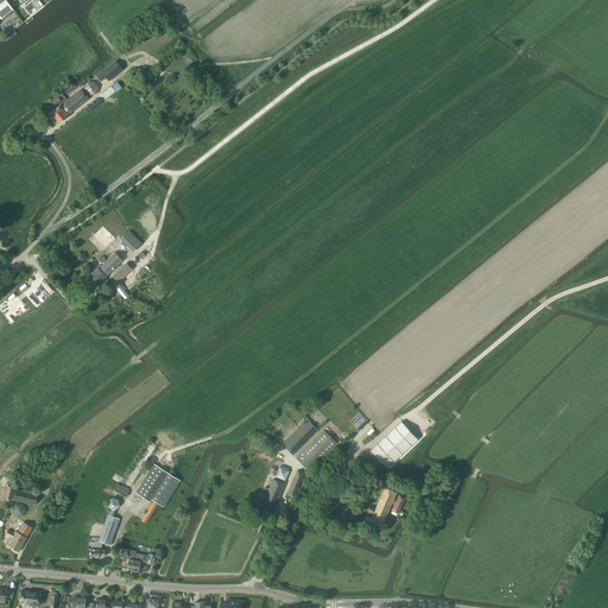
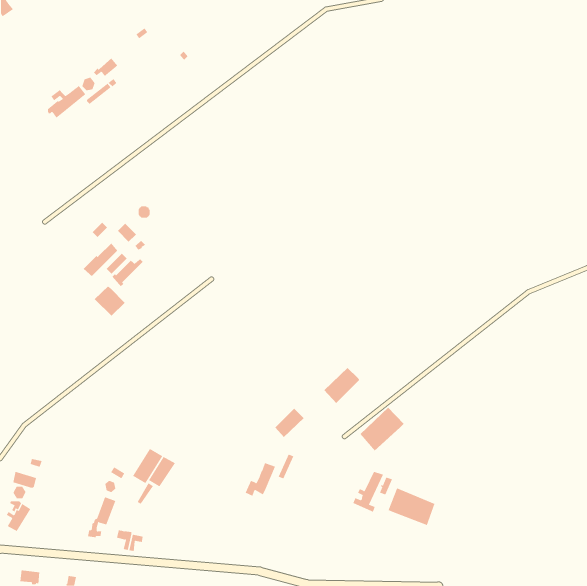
building: none -> [94,286,126,316]
building: [298,431,336,469] -> [323,367,360,404]
building: none -> [388,488,435,526]

